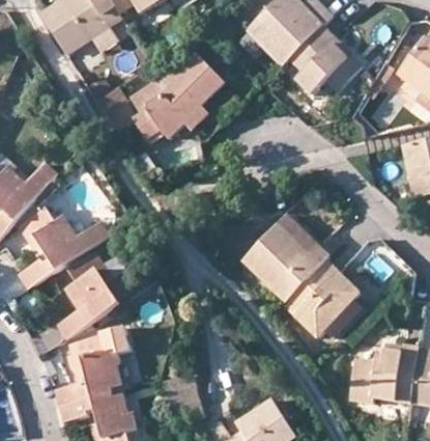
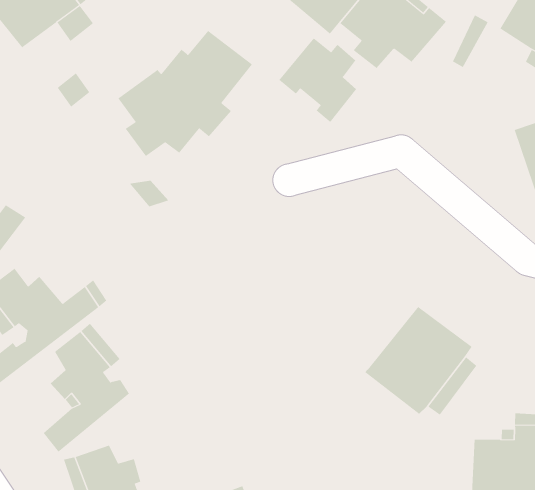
building: none -> [279,37,357,123]
building: [242,216,329,302] -> none

